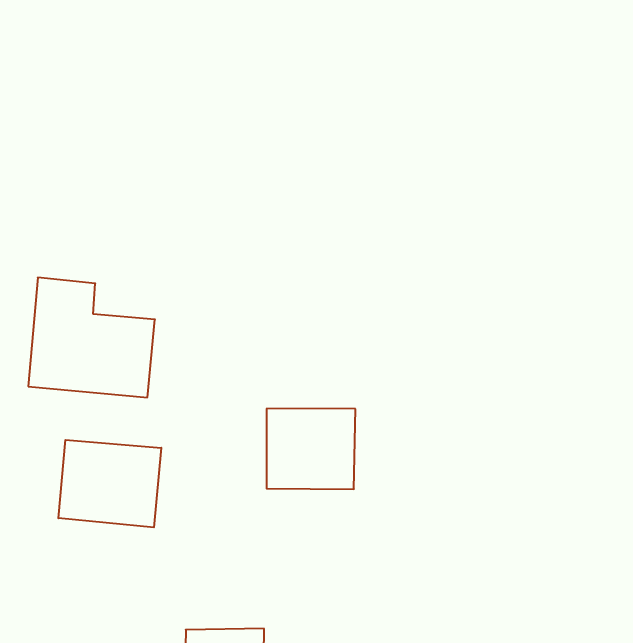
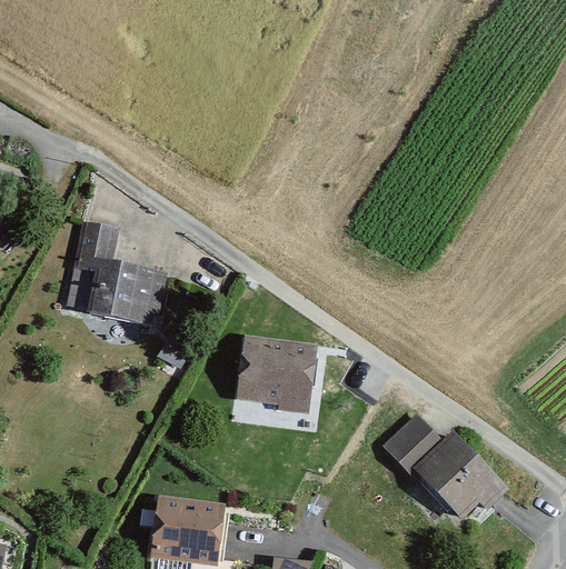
building: [58,440,161,527] -> none
building: none -> [391,421,504,519]

